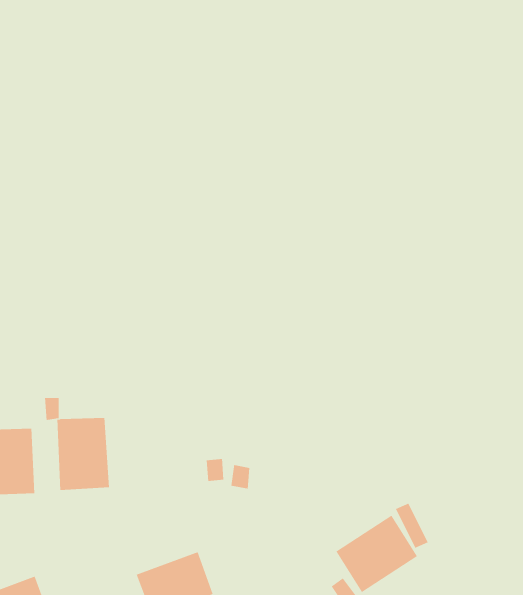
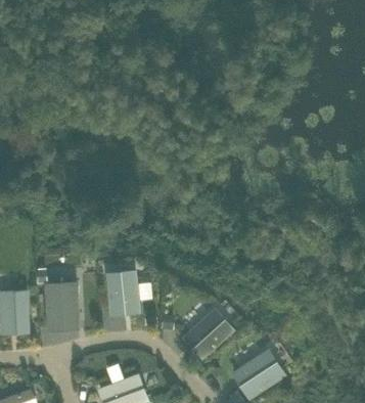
building: none -> [105,270,140,317]
building: none -> [182,308,234,360]

